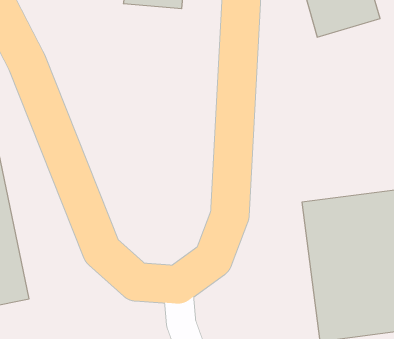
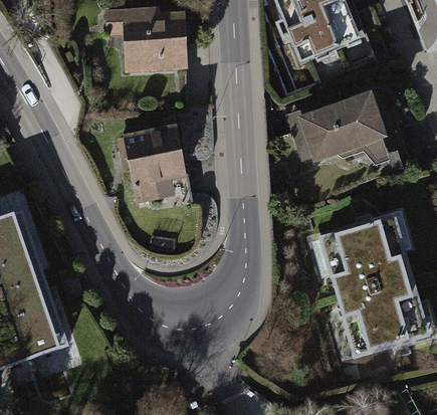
building: none -> [298,94,384,162]
building: none -> [128,130,186,192]

